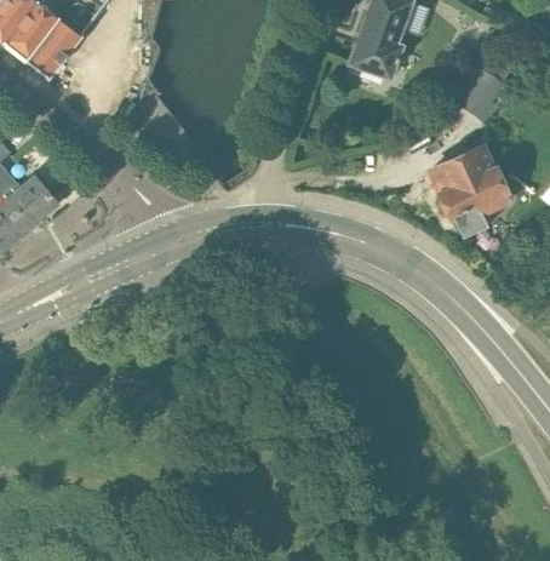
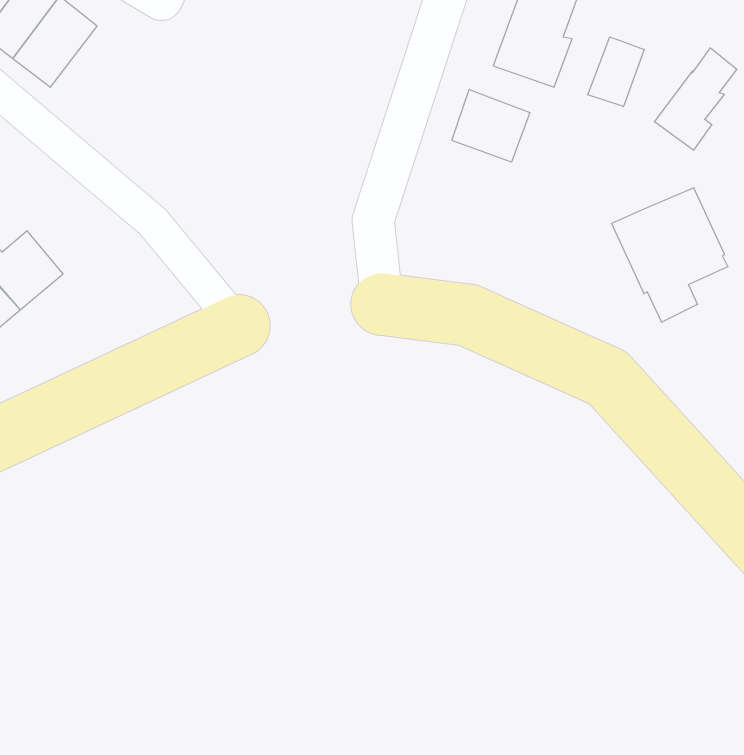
building: none -> [588,37,644,107]
building: none -> [452,89,530,162]

